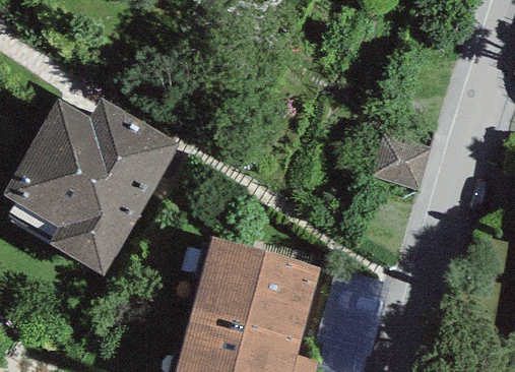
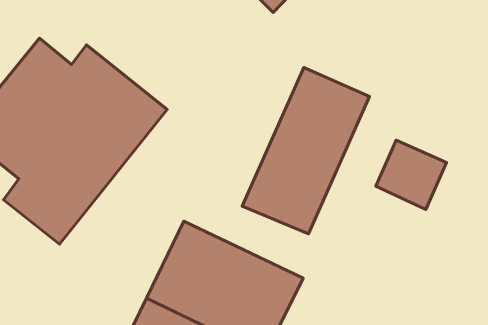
building: none -> [242,68,370,234]

